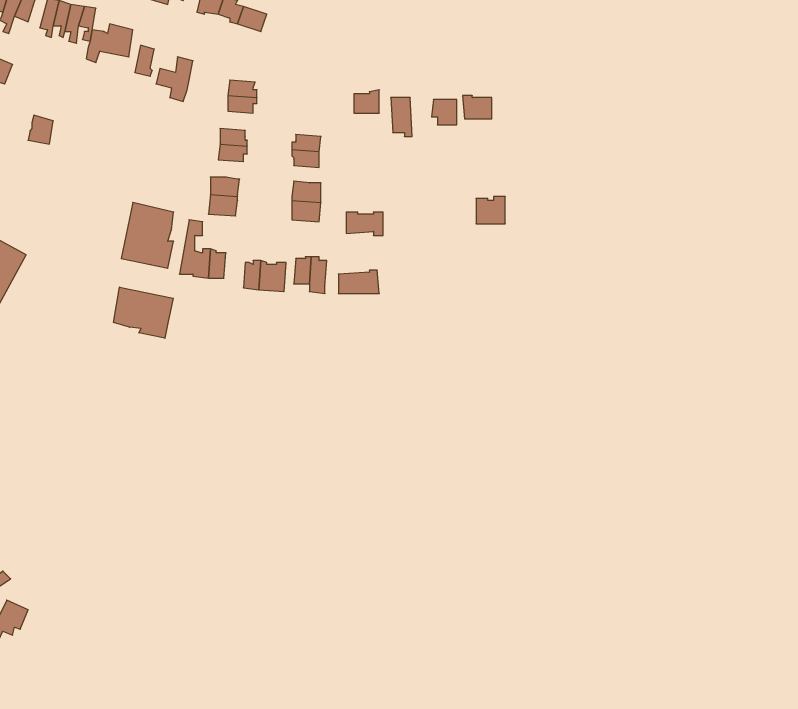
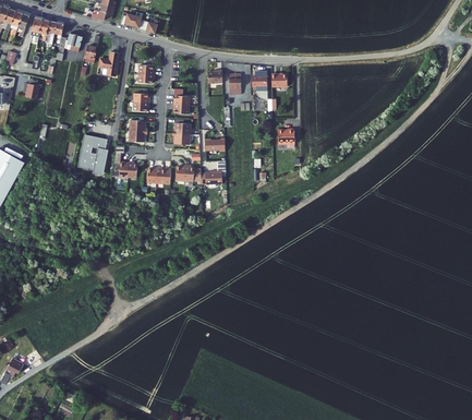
building: [113,287,173,338] -> none

